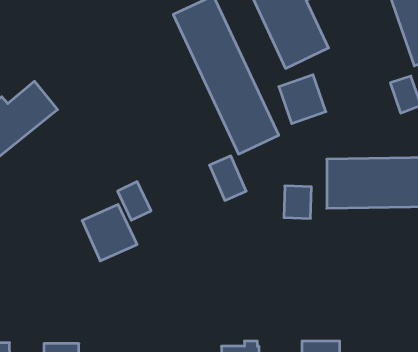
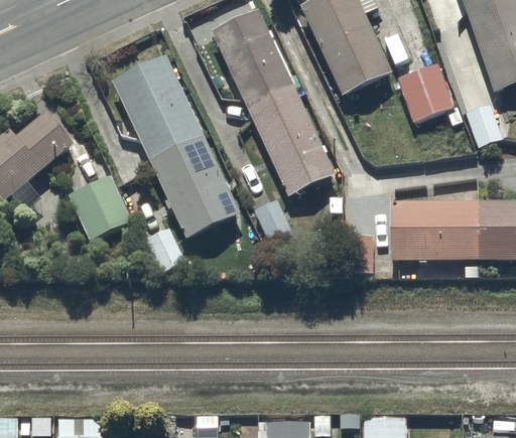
building: none -> [111,54,242,237]
building: [279,75,326,124] -> [397,63,453,121]
building: [82,204,137,261] -> [68,174,132,241]

